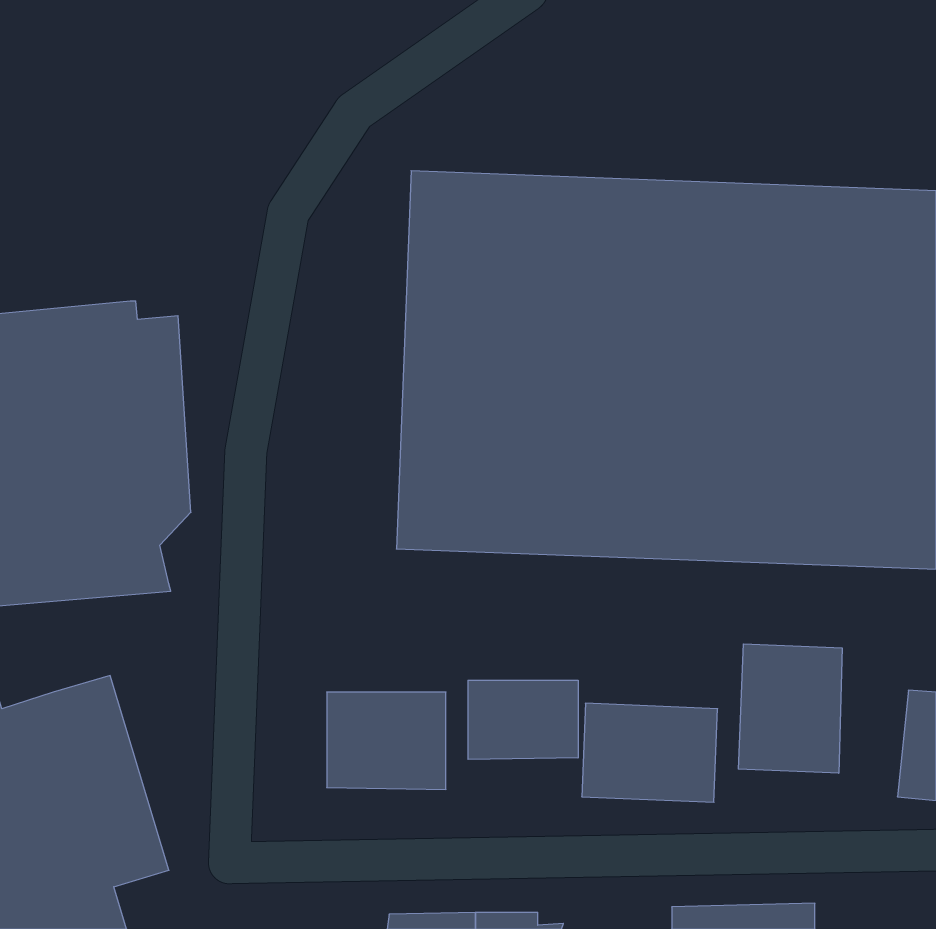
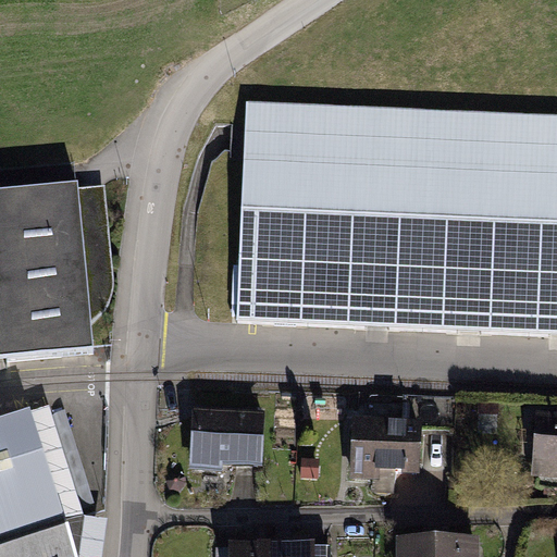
building: [738,644,842,773] -> none
building: [468,680,578,759] -> none

